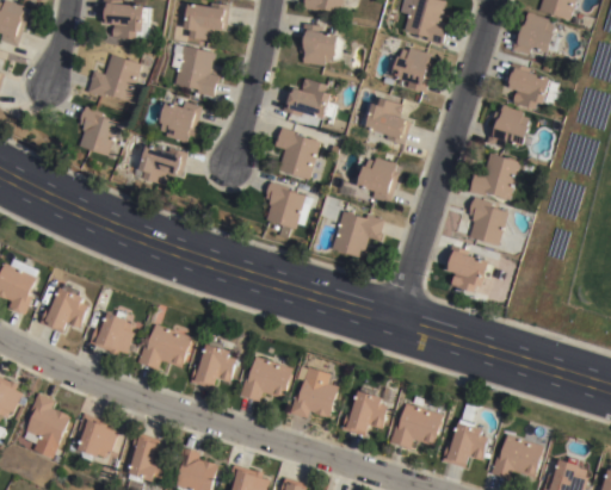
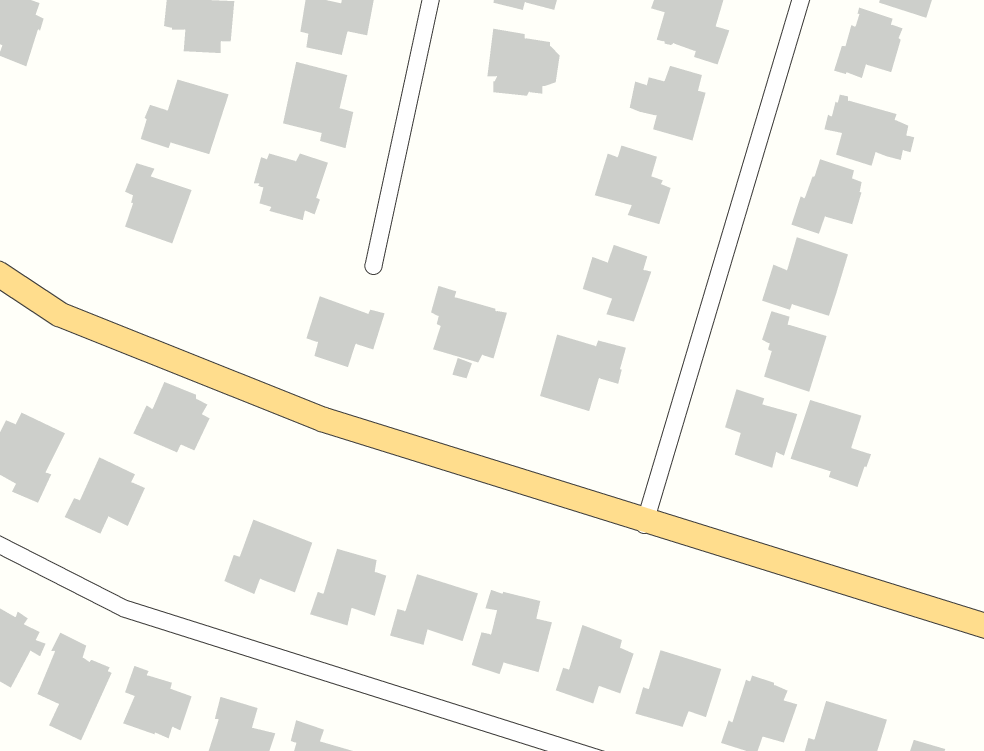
building: [282,75,337,124] -> none
building: [274,126,320,179] -> none
building: [137,142,186,186] -> [306,296,385,368]
building: none -> [790,399,872,488]
building: [88,311,136,355] -> [133,381,210,453]

